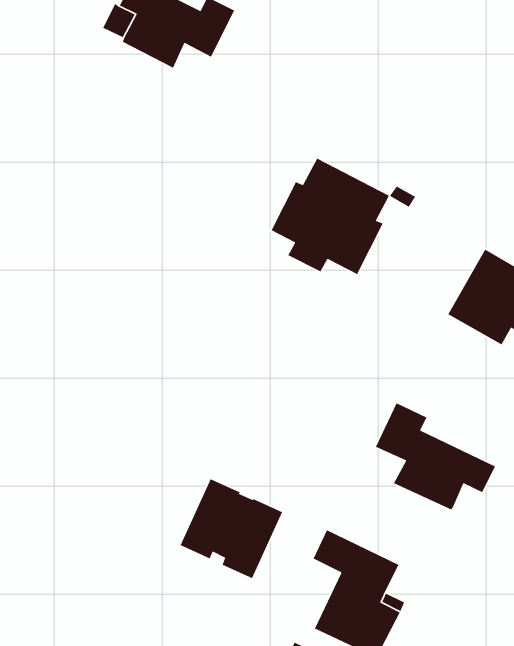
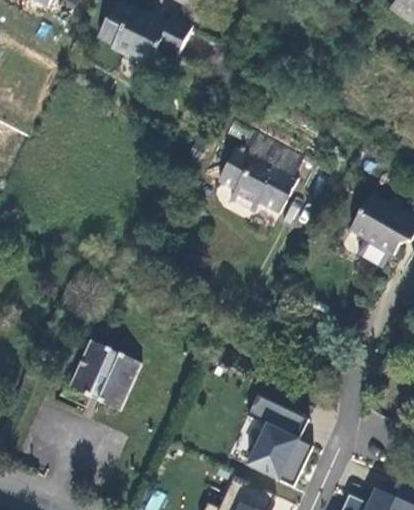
building: [375,402,496,511] -> none
building: [179,478,283,579] -> [67,339,141,411]

